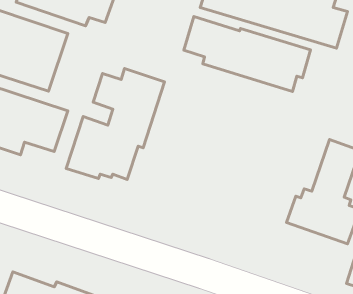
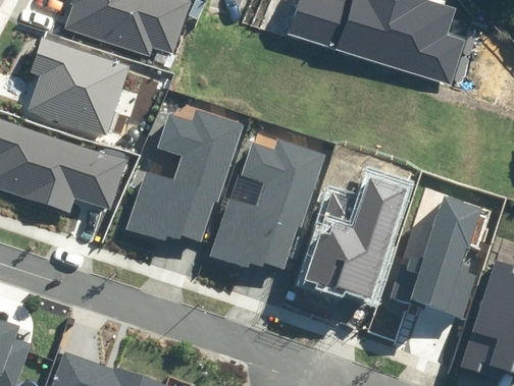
building: [184,16,311,91] -> none
building: none -> [209,140,324,270]
building: none -> [304,174,407,297]

